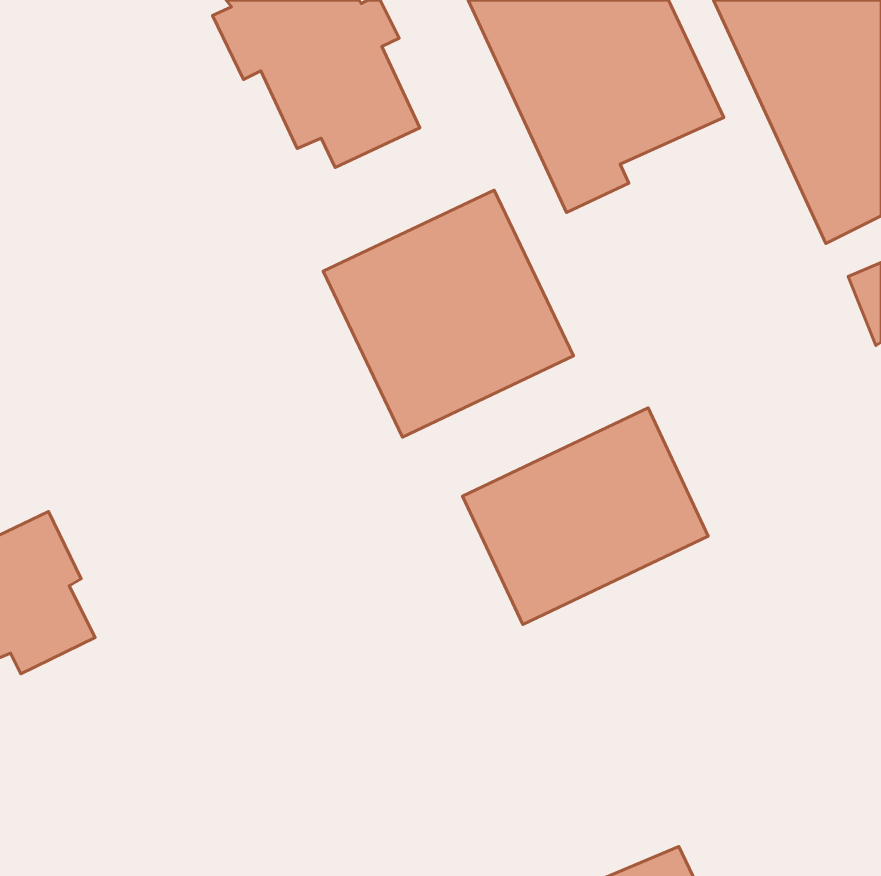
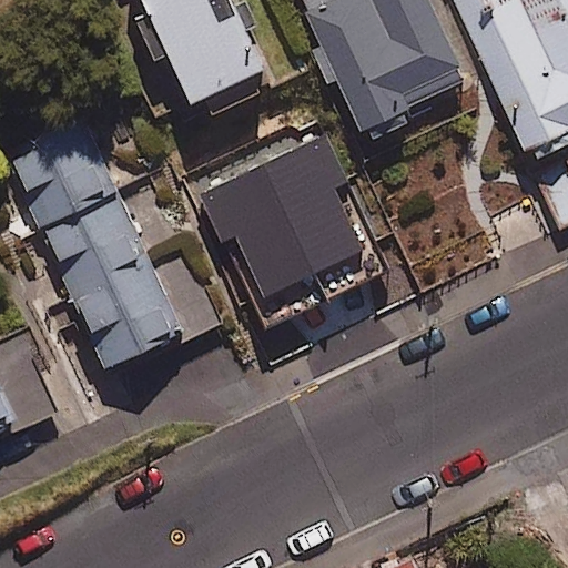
building: none -> [8,119,219,367]
building: [463,408,708,624] -> none

